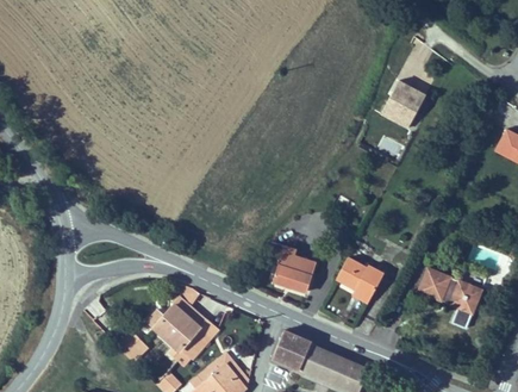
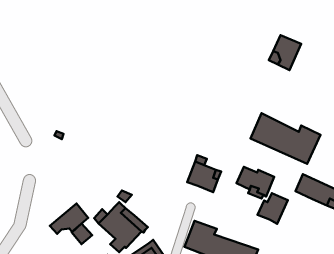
building: none -> [251,113,320,164]
building: none -> [257,193,288,224]
building: none -> [50,203,88,234]

